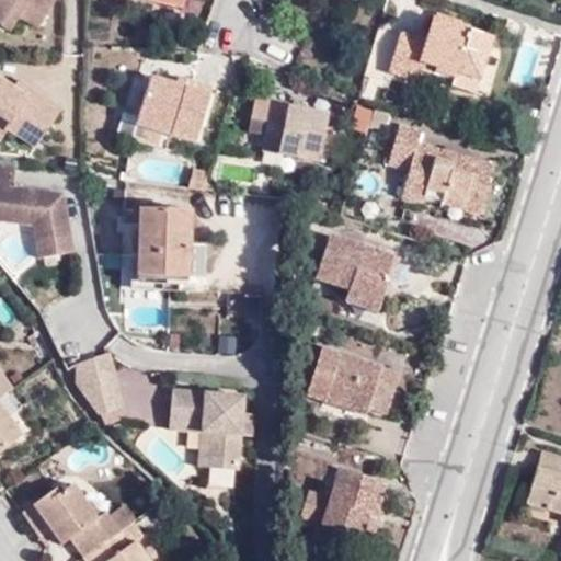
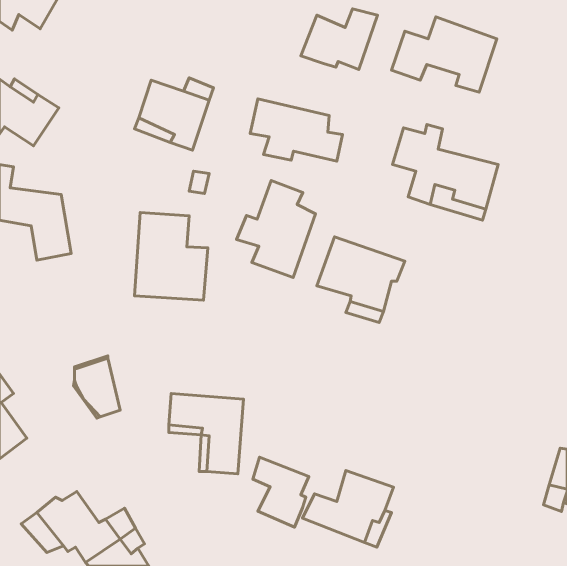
building: none -> [301,9,378,70]
building: none -> [237,180,316,278]
building: [310,346,404,410] -> none
building: none -> [253,457,309,527]

